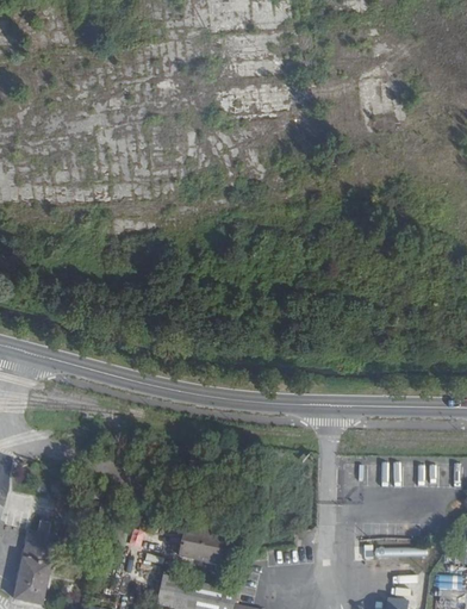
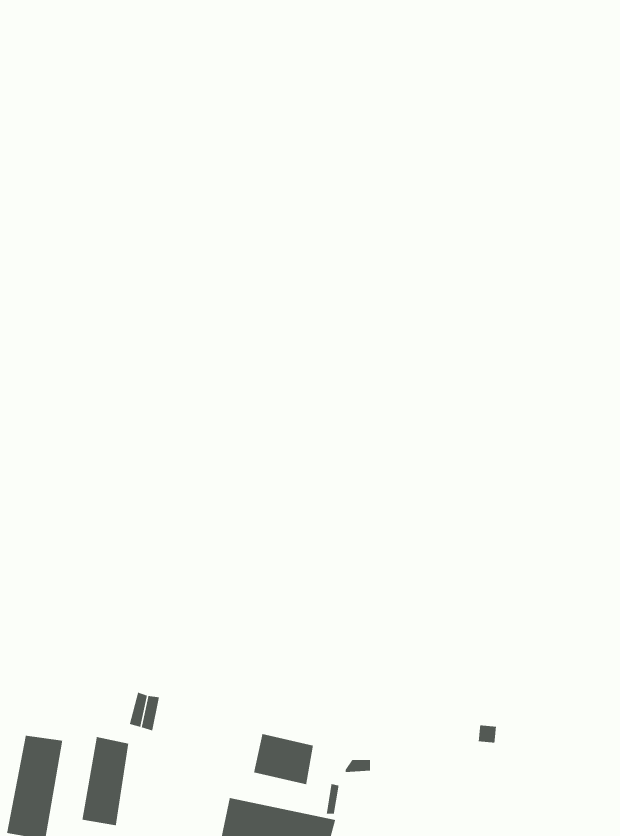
building: none -> [81,736,129,826]

